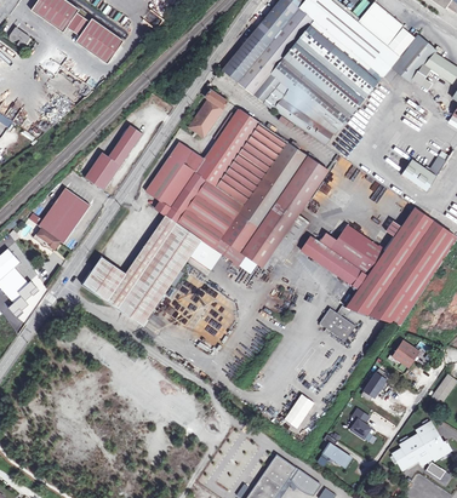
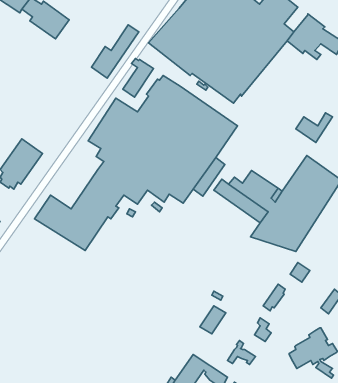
building: [85,124,143,189] -> [91,25,139,78]
building: [319,308,356,340] -> none

